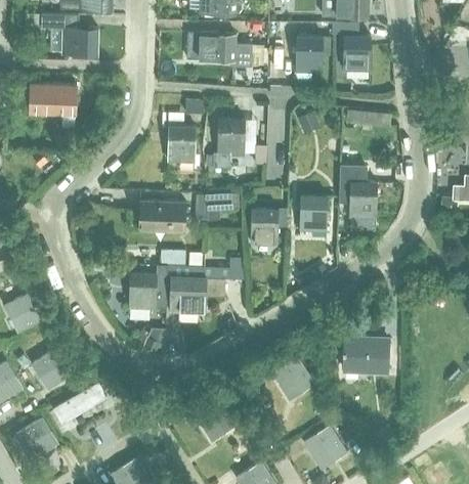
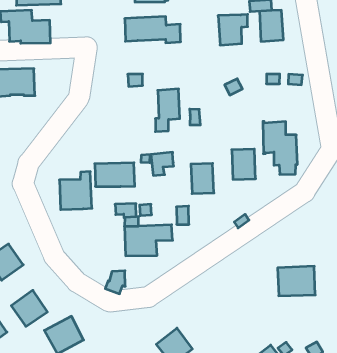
building: [168,127,195,162] -> none
building: [129,265,167,308] -> [59,172,92,210]
building: [272,359,314,401] -> none

